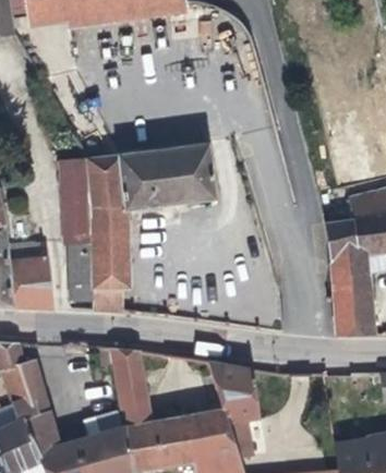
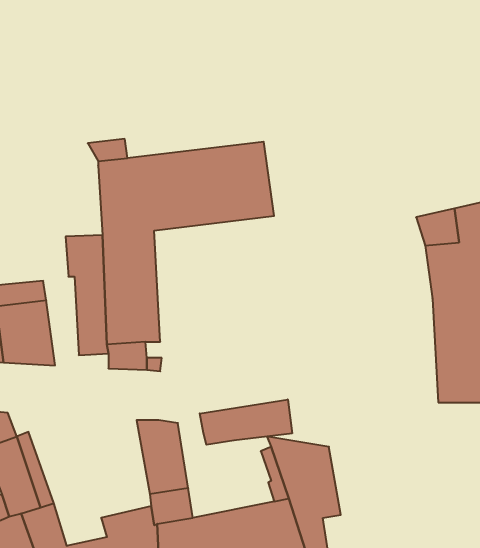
building: [57,161,87,214] -> none
building: none -> [200,399,292,445]

